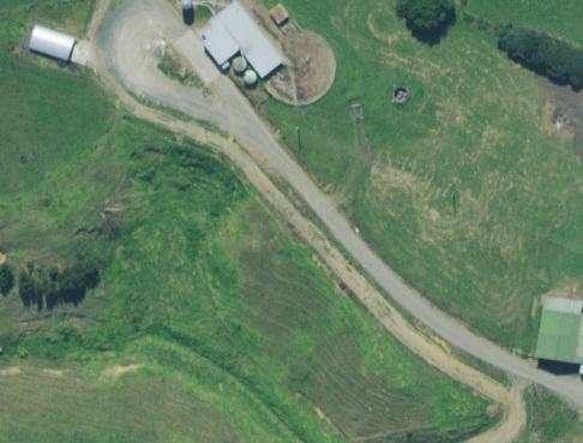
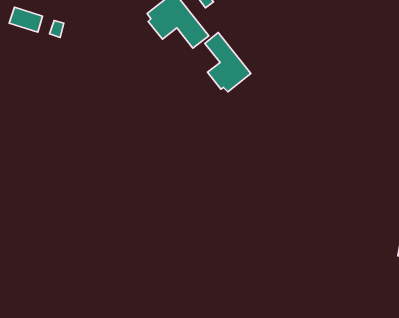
building: none -> [205,32,251,92]

